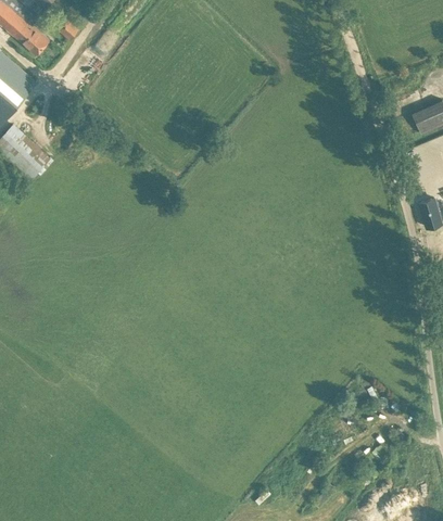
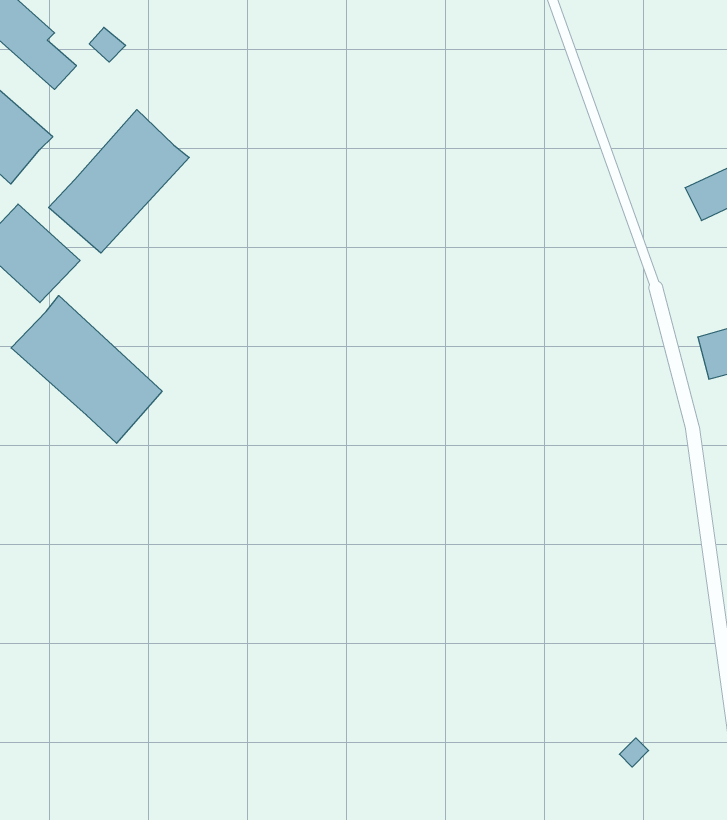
building: none -> [49,110,189,253]
building: none -> [11,296,162,443]

